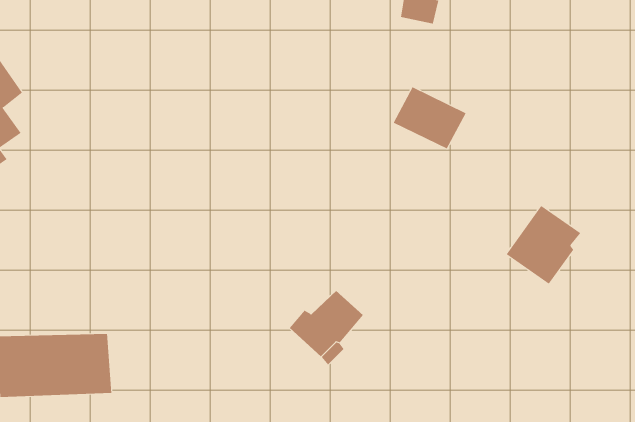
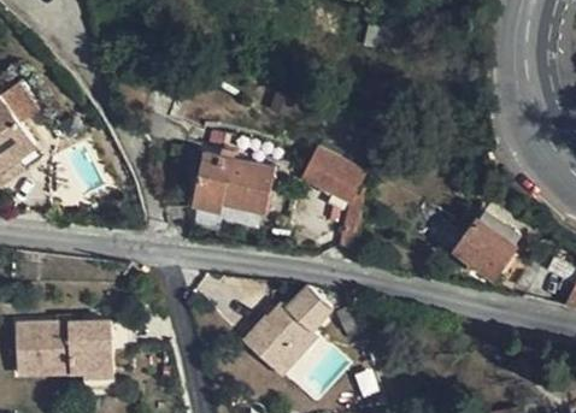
building: [393,87,467,149] -> [300,149,364,203]
building: none -> [192,155,272,213]
building: none -> [241,314,292,365]

